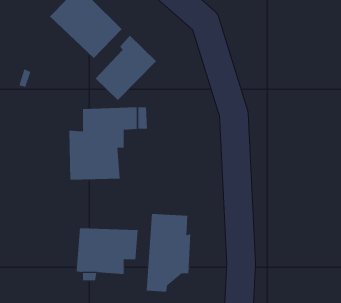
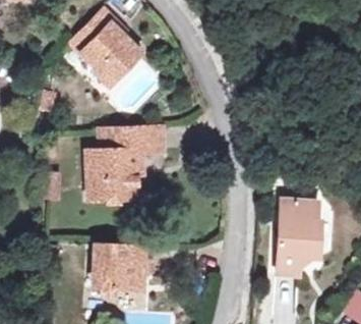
building: [95,35,157,101] -> none
building: [146,213,191,292] -> [278,199,321,274]

